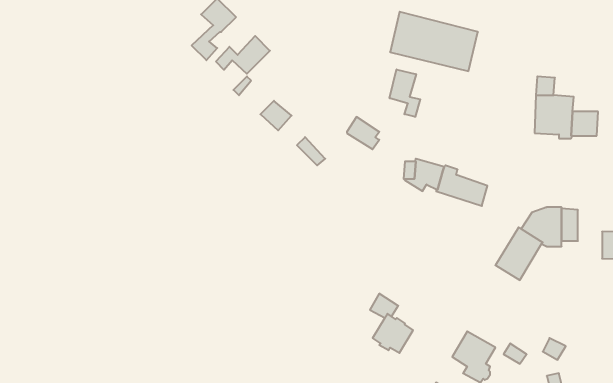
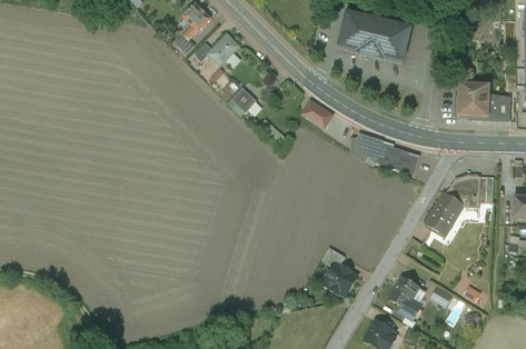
building: [390,69,420,117] -> none

